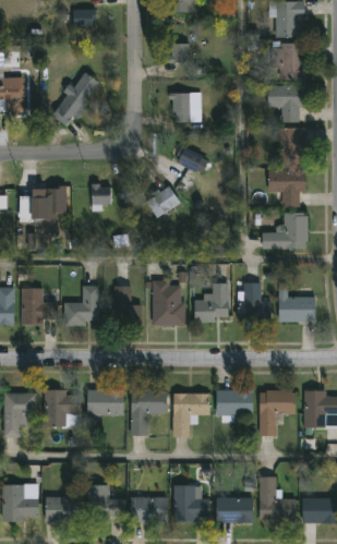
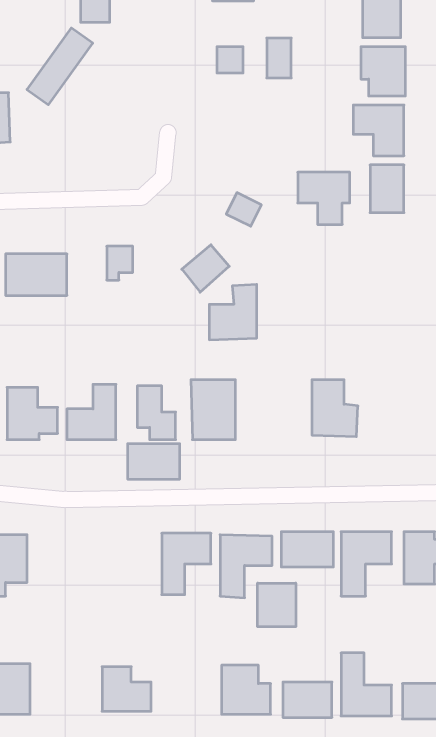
building: [52,72,99,126] -> [27,28,93,105]
building: [172,94,190,122] -> [267,38,291,78]
building: [268,170,305,207] -> [298,172,350,224]
building: [263,213,308,249] -> none
building: [195,281,229,321] -> [209,284,257,340]
building: [280,286,316,319] -> none
building: [87,389,124,414] -> [128,444,180,479]
building: [45,390,81,424] -> none
building: none -> [258,583,296,627]
building: [46,496,82,520] -> none
building: [131,496,167,521] -> none

